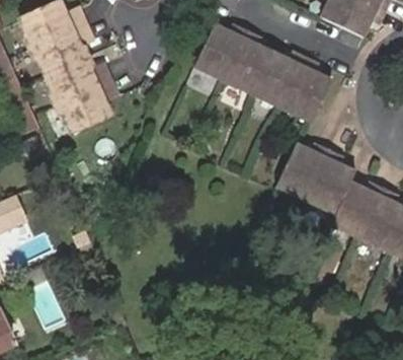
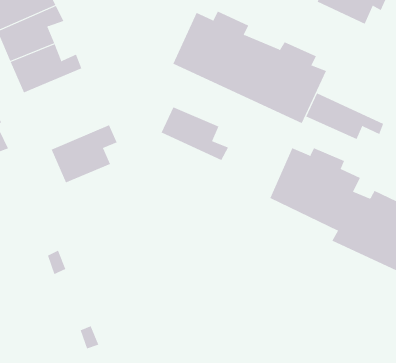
building: [59,75,118,128] -> [51,125,117,183]
building: none -> [305,93,384,140]
building: none -> [161,107,229,161]

